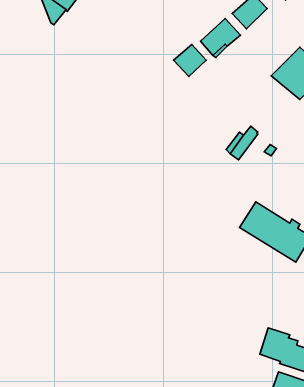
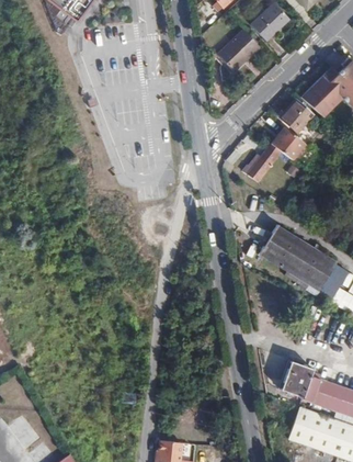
building: [173,45,206,77] -> none
building: none -> [281,99,314,132]
building: none -> [271,127,305,160]

